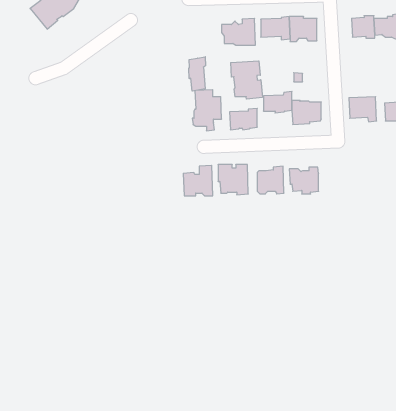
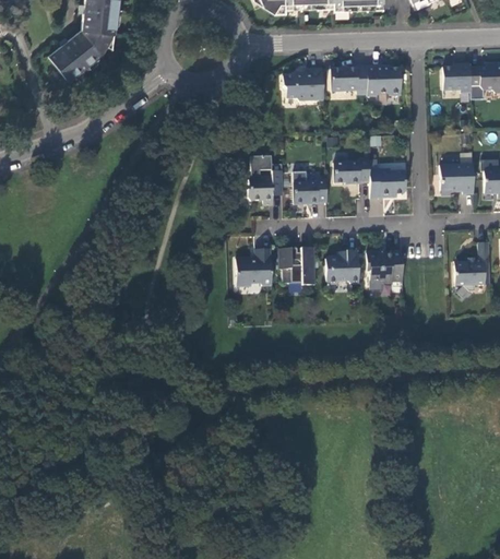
building: [189,57,206,91] -> none
building: [231,61,262,99] -> none
building: none -> [453,241,489,292]

